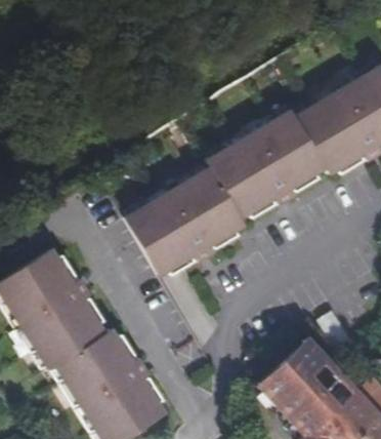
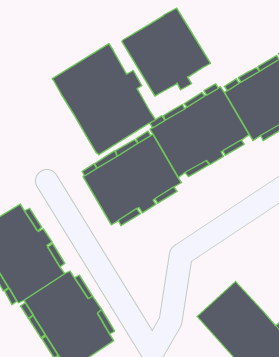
building: none -> [122,8,210,96]
building: none -> [52,44,155,155]

